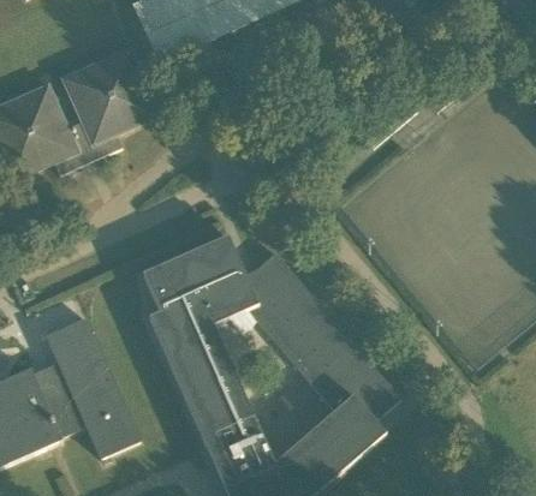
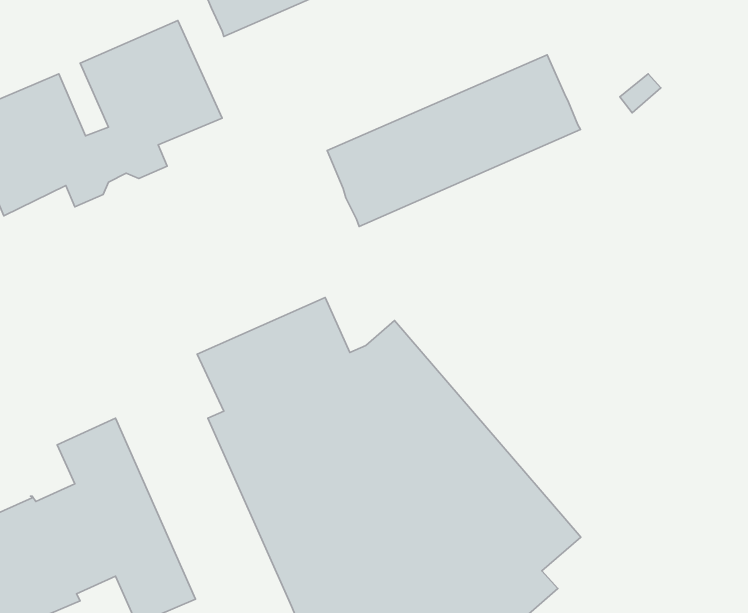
building: none -> [327,55,581,226]

